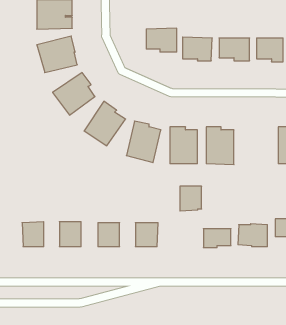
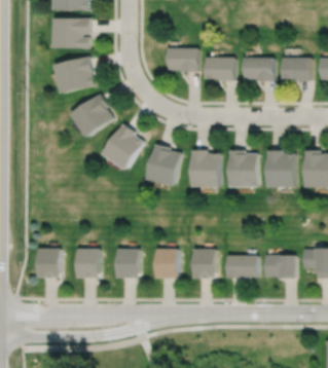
building: none -> [268,151,297,189]
building: [180,186,202,211] -> [194,251,217,277]

